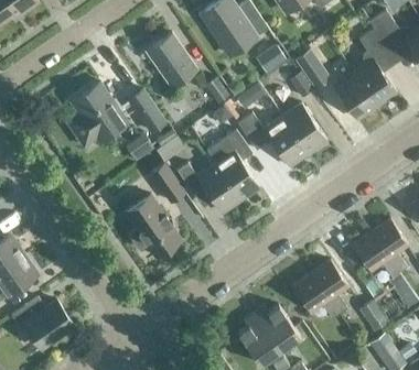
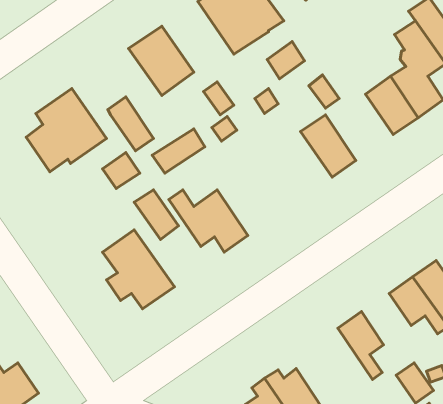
building: [293,50,330,89] -> none
building: [237,112,308,166] -> none
building: [206,130,259,199] -> none
building: [292,273,340,319] -> none

